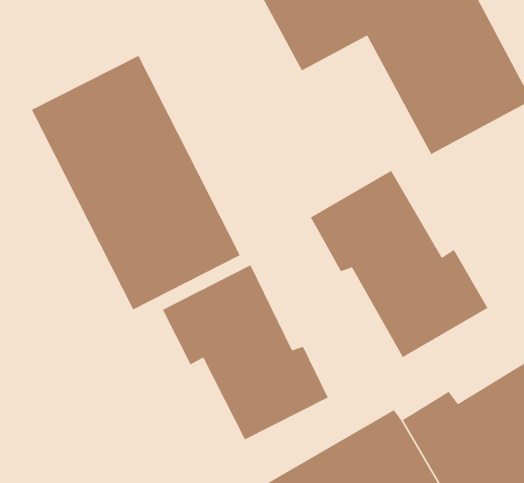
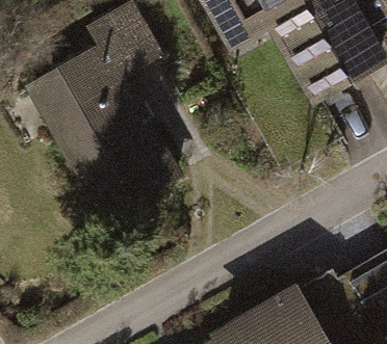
building: [310,170,488,358] -> none
building: [162,264,329,440] -> none

